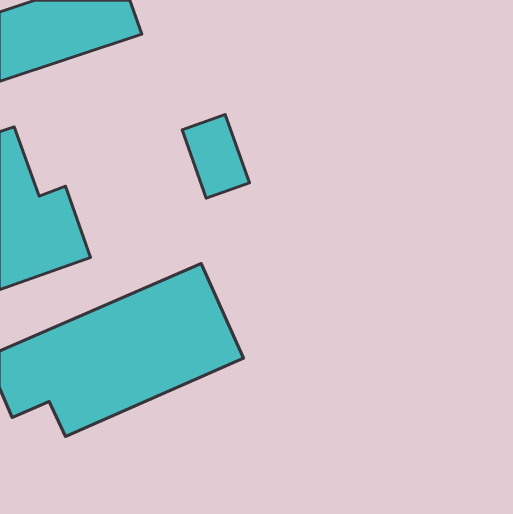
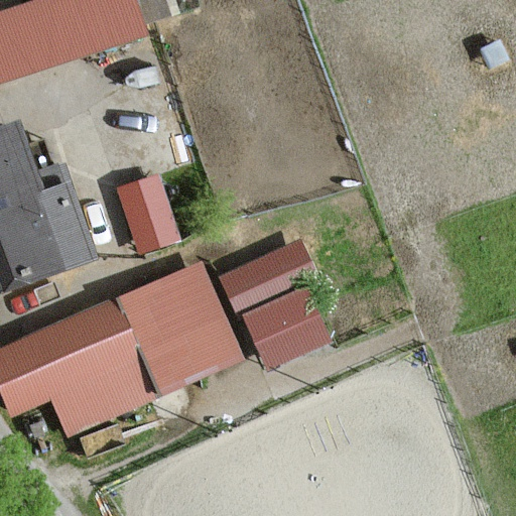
building: [182,115,249,198] -> [114,164,181,248]
building: none -> [220,231,339,362]

